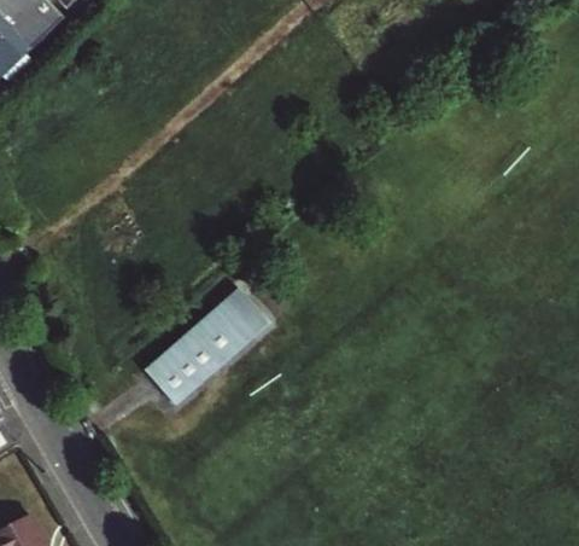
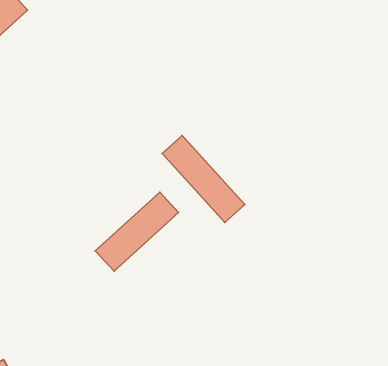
building: none -> [162,135,245,223]

